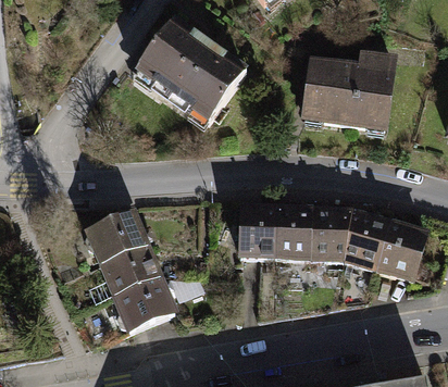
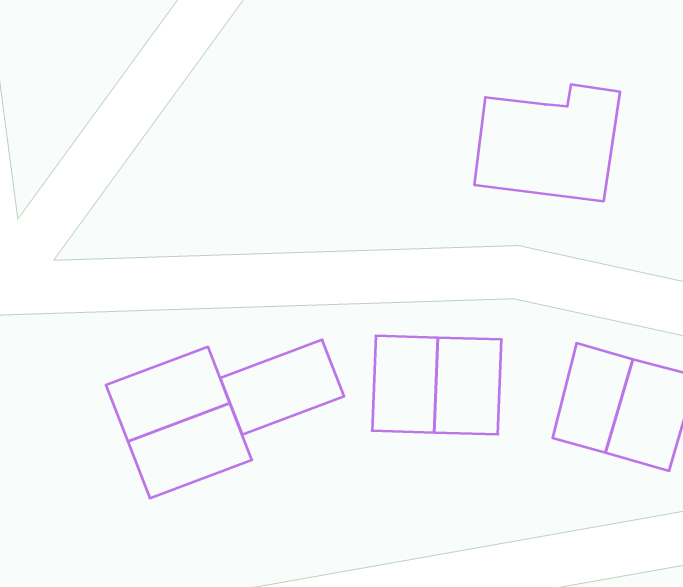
building: [133,14,242,117] -> none
building: [316,205,363,264] -> none
building: [109,277,183,334] -> [220,340,344,434]

